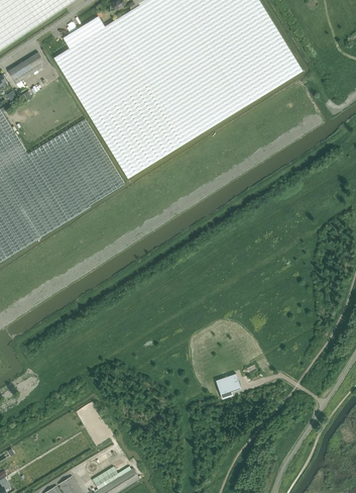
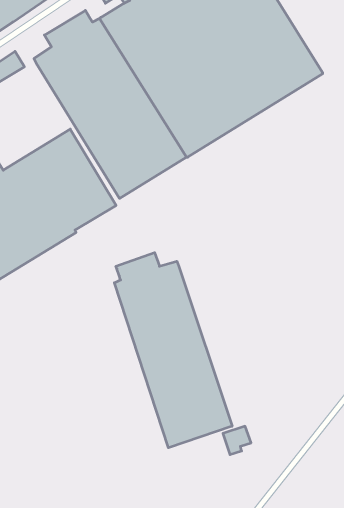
building: none -> [114,253,232,448]

